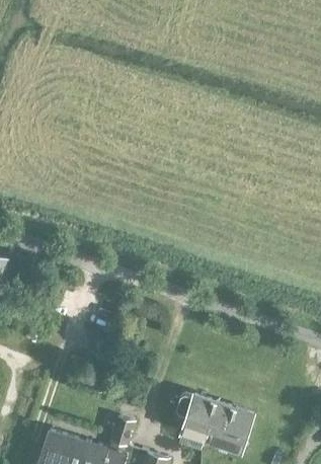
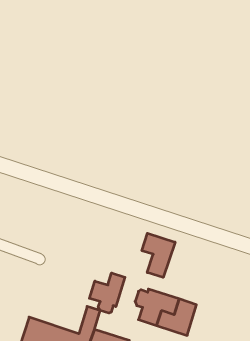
building: none -> [142,233,175,277]
building: none -> [89,273,125,313]

